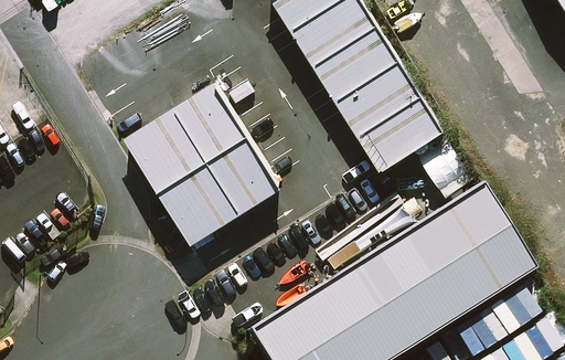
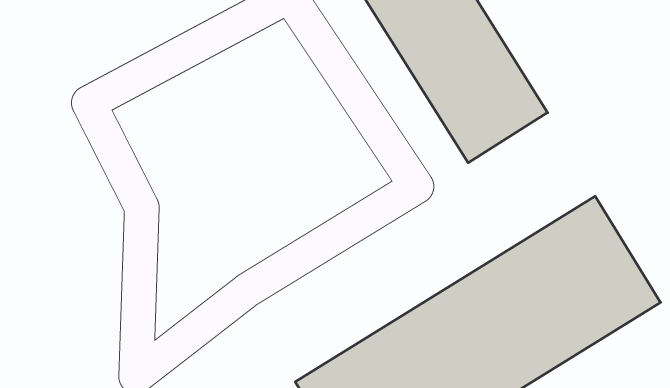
building: [126,83,274,239] -> none

